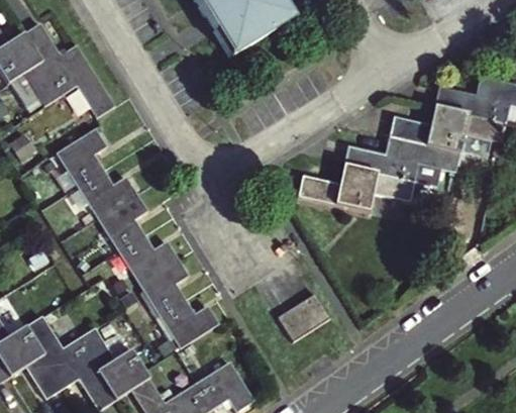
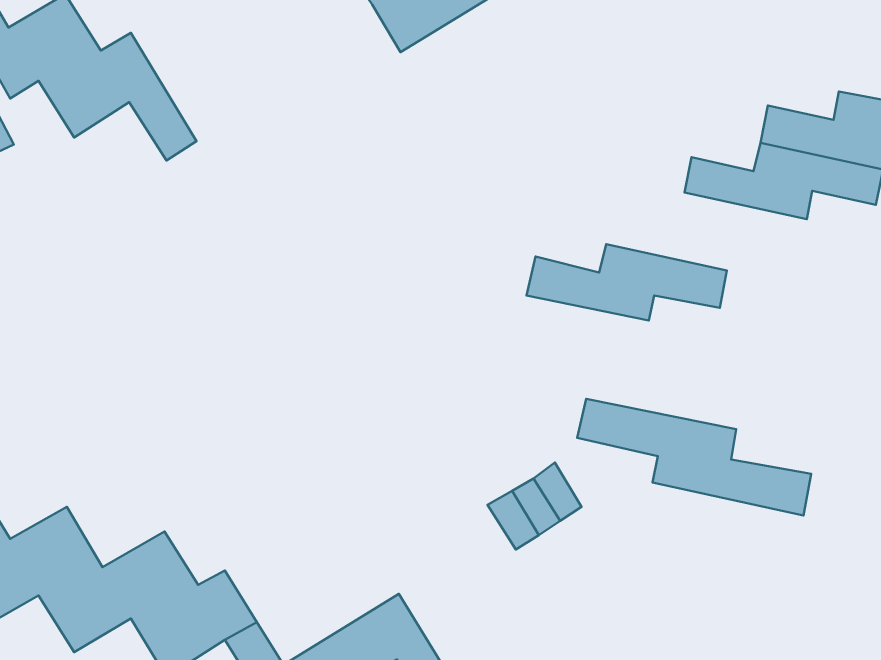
building: [57,128,218,351] -> none
building: [347,136,461,186] -> none
building: none -> [577,399,811,515]

